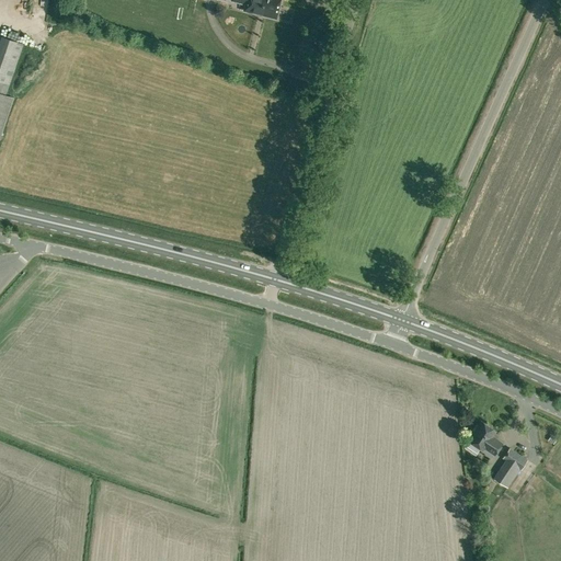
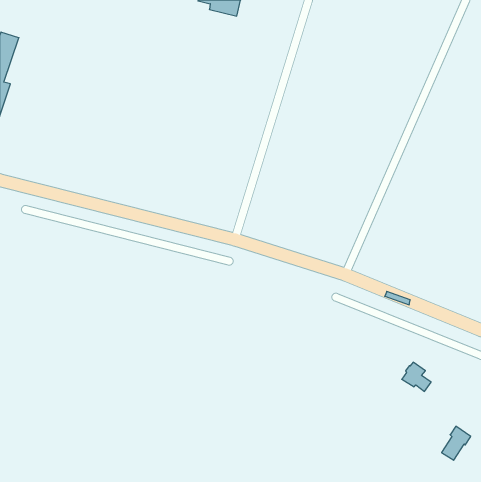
building: [492,448,526,488] -> [442,426,471,460]

